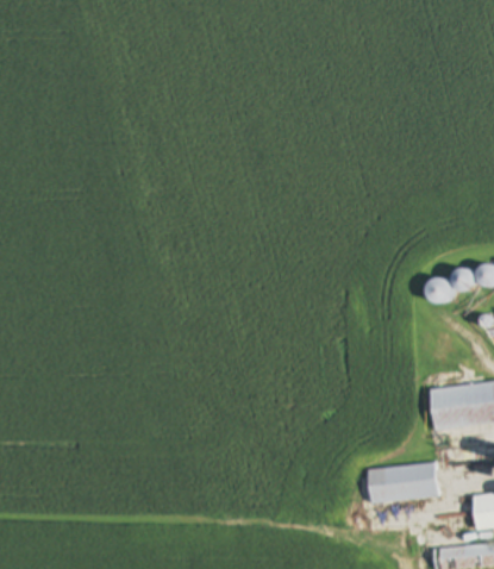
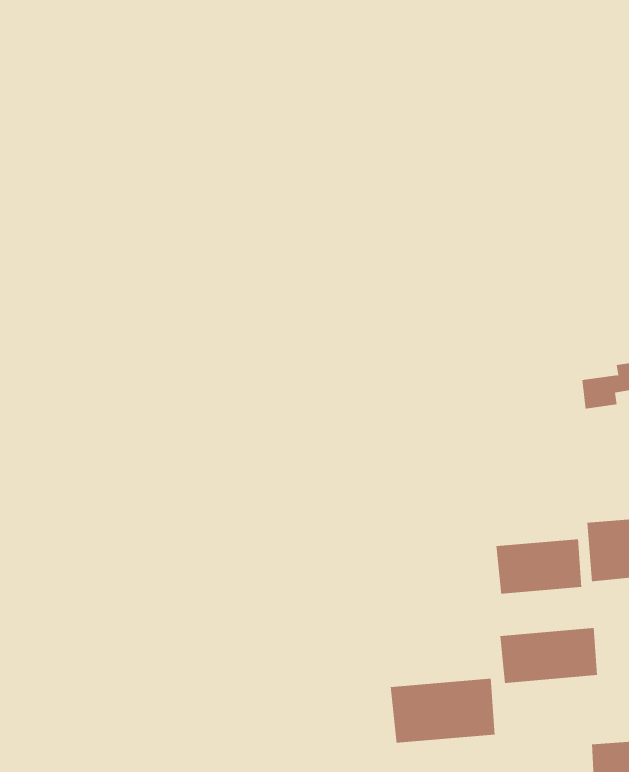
building: none -> [496,538,582,594]
building: none -> [390,678,495,743]

